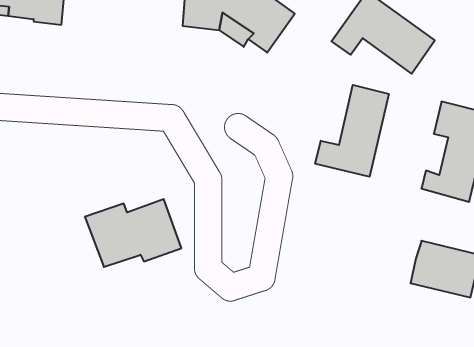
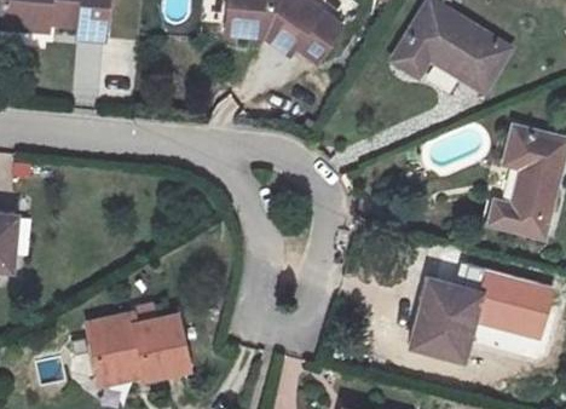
building: [315,85,389,177] -> none
building: [85,199,181,267] -> [79,307,184,381]
building: none -> [414,280,483,361]

